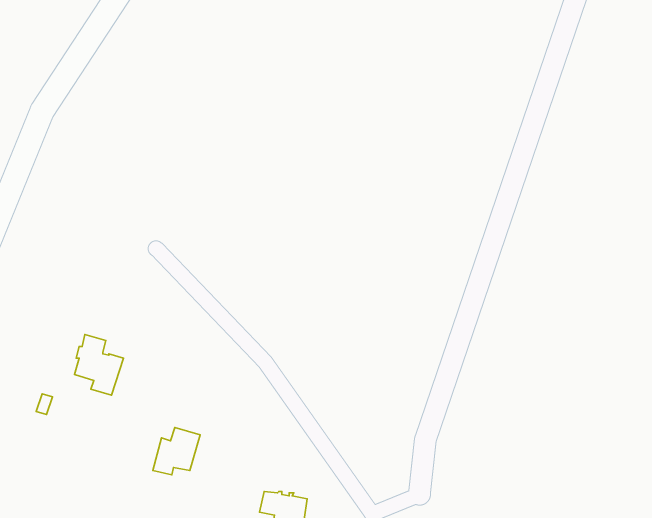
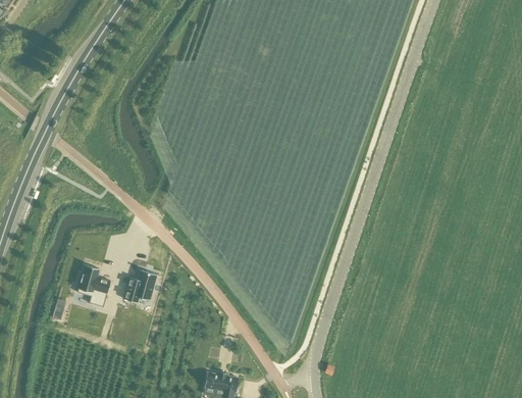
building: [153,427,200,475] -> [124,269,157,302]

